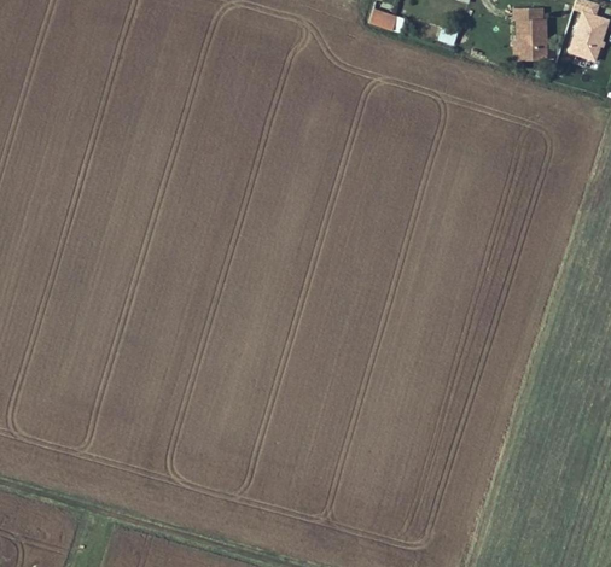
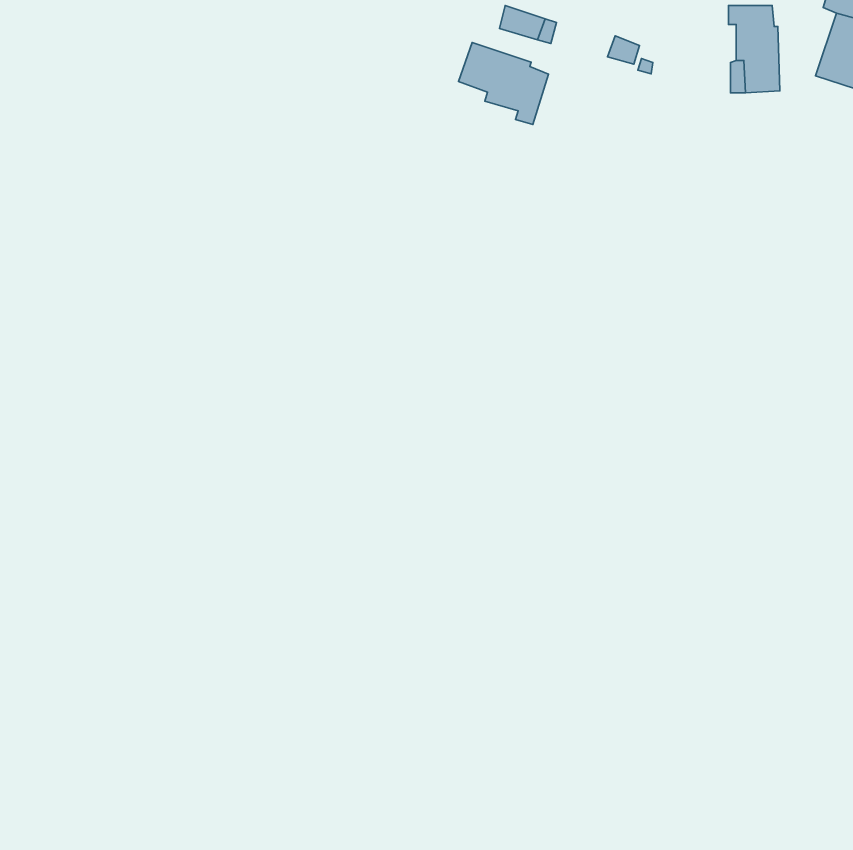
building: none -> [458,42,548,125]

